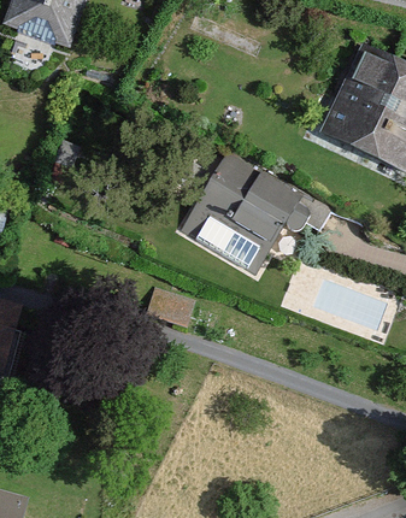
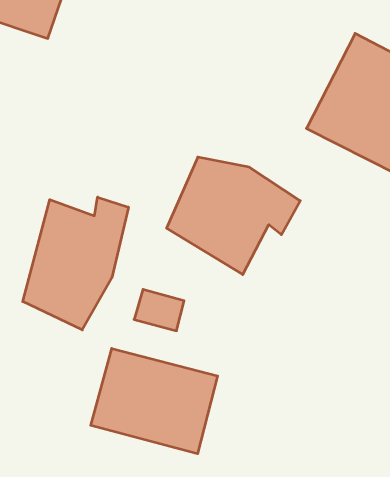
building: none -> [23,197,128,330]
building: none -> [91,348,218,454]

